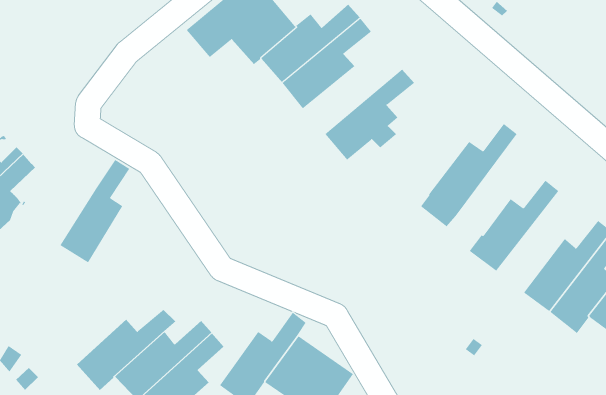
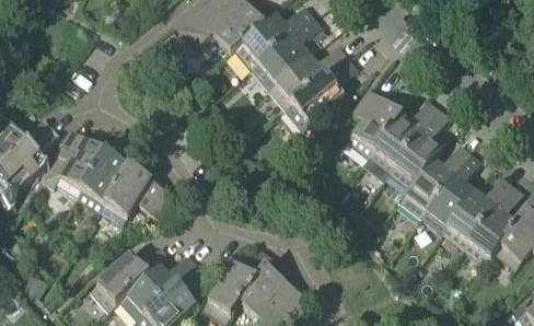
building: none -> [268,45,347,107]
building: none -> [347,89,399,154]
building: none -> [390,107,449,187]
building: none -> [40,129,105,195]
building: none -> [421,152,481,232]
building: none -> [100,164,174,224]

